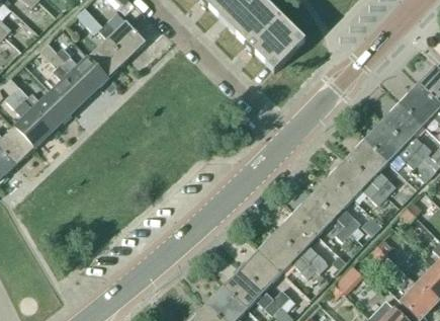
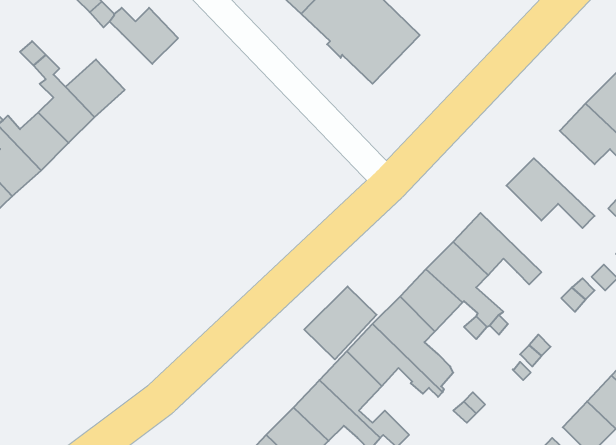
building: [90,38,127,76] -> none
building: [381,103,431,160] -> none
building: [346,140,395,197] -> none
building: none -> [304,286,377,359]

